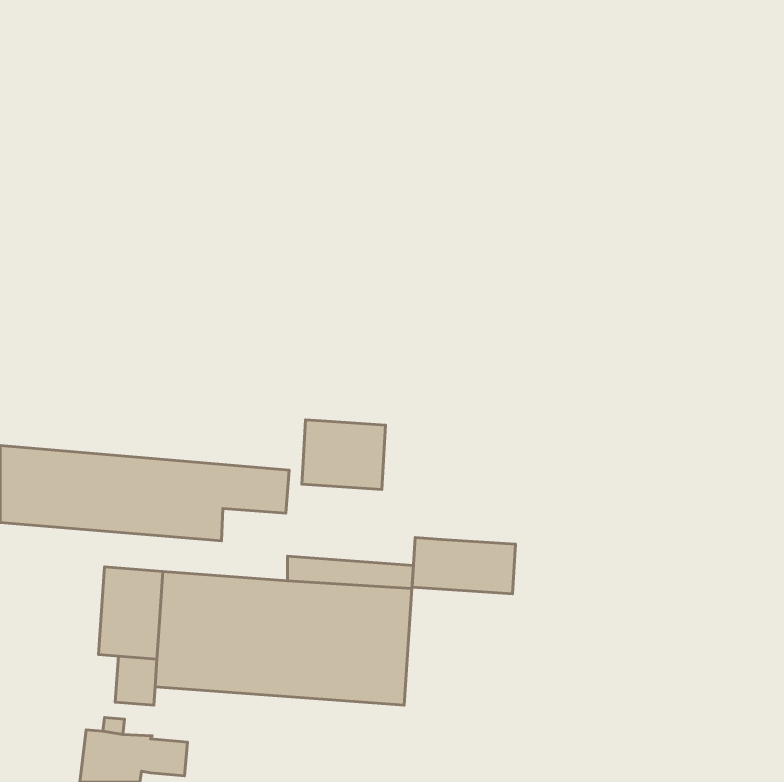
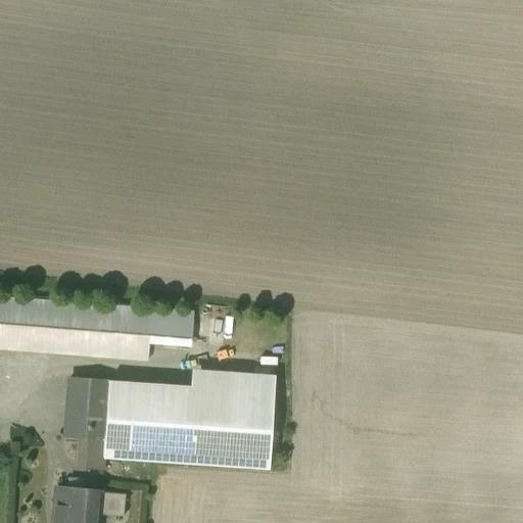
building: [302,420,386,490] -> none
building: [412,538,515,594] -> none

